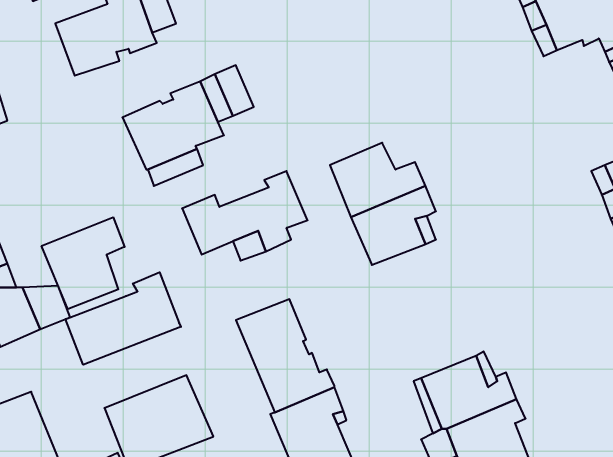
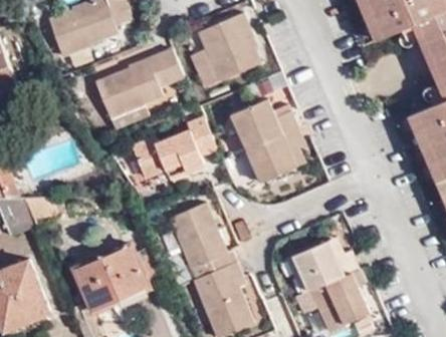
building: none -> [187,10,258,84]
building: [42,217,125,309] -> none
building: [65,272,181,365] -> none

